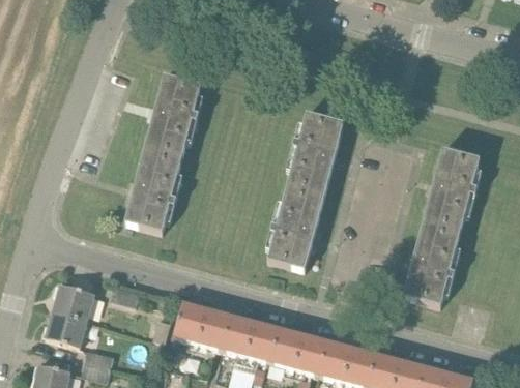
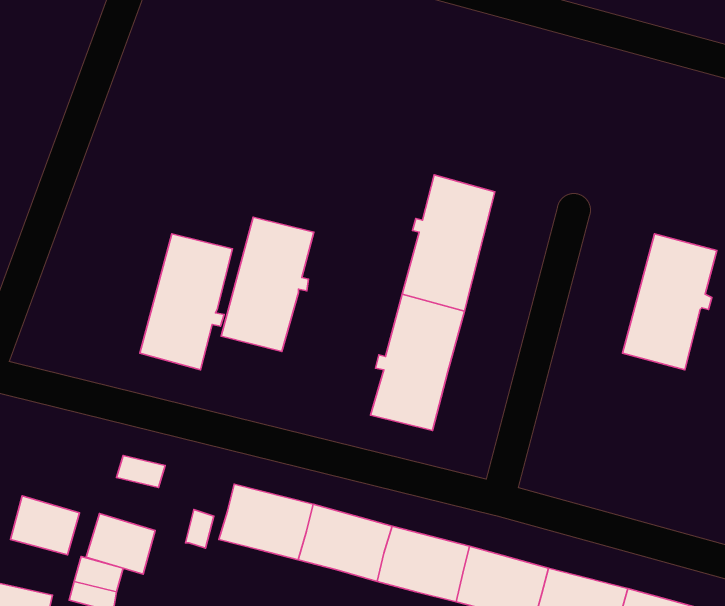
building: [145,74,202,157] -> [221,217,314,351]
building: [403,221,461,305] -> none
building: [53,282,95,320] -> [86,514,155,574]

